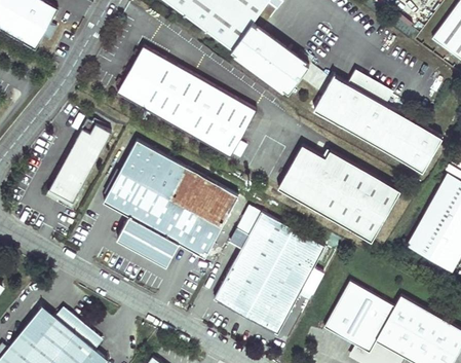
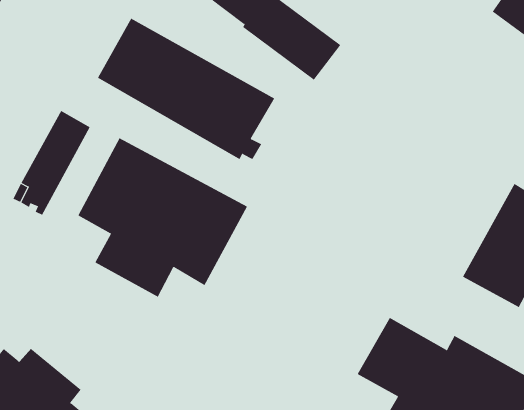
building: [314,73,444,173] -> none
building: [278,144,401,242] -> none
building: [213,206,323,333] -> none

